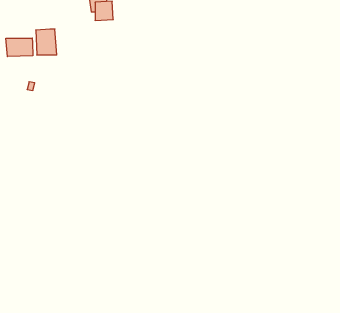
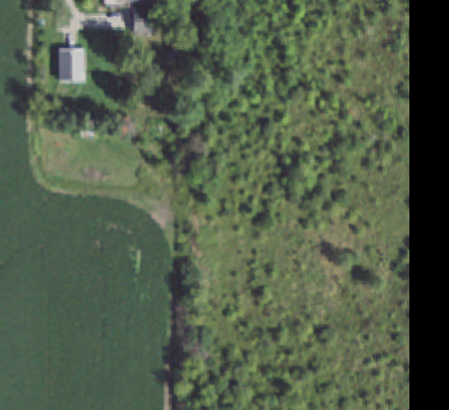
building: [6,38,33,57] -> none

